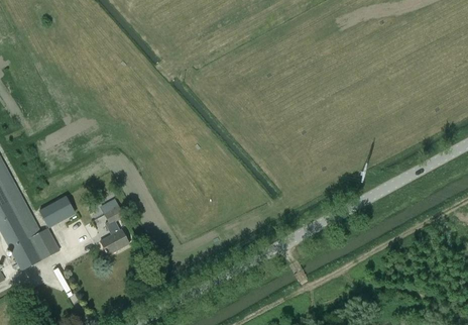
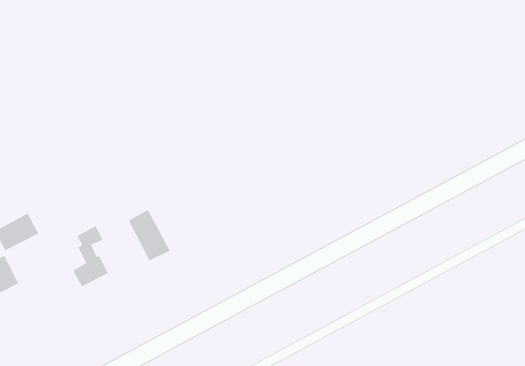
building: none -> [128,209,170,261]

